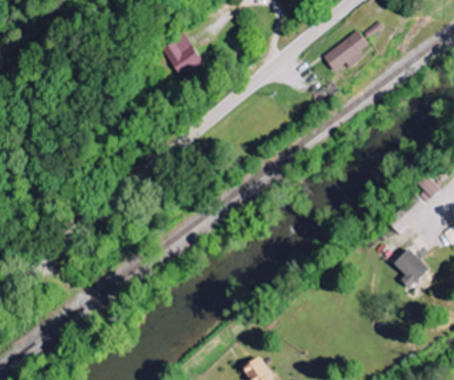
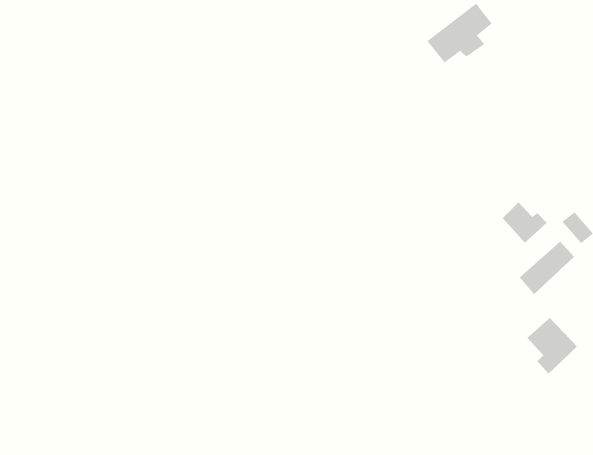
building: [162,33,201,75] -> none
building: none -> [502,202,547,243]

